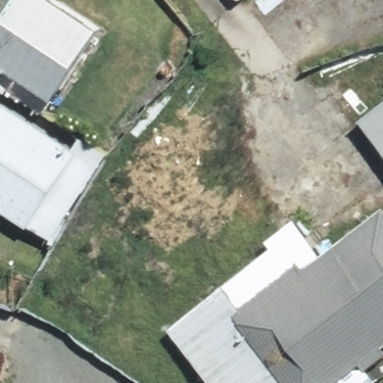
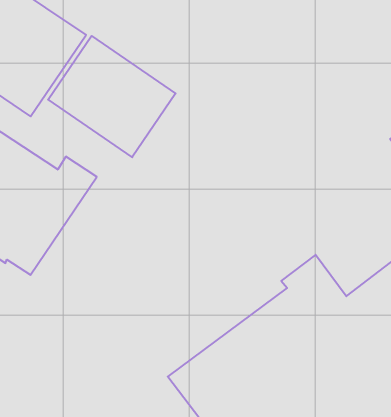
building: none -> [48,36,176,157]

